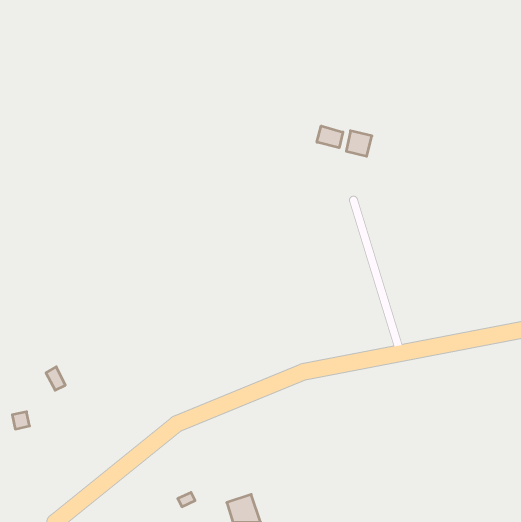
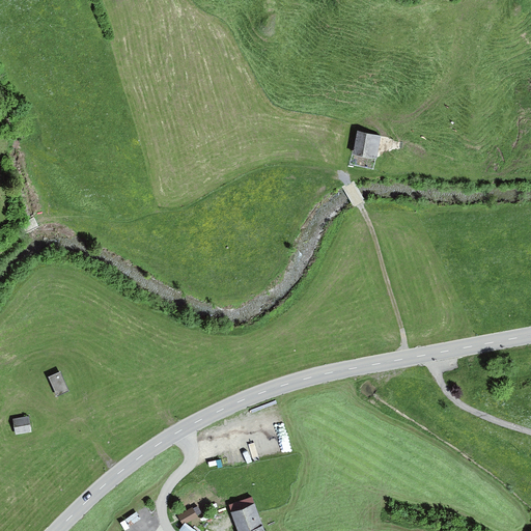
building: [317,126,343,148] -> none

